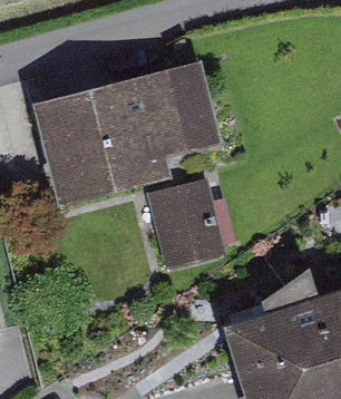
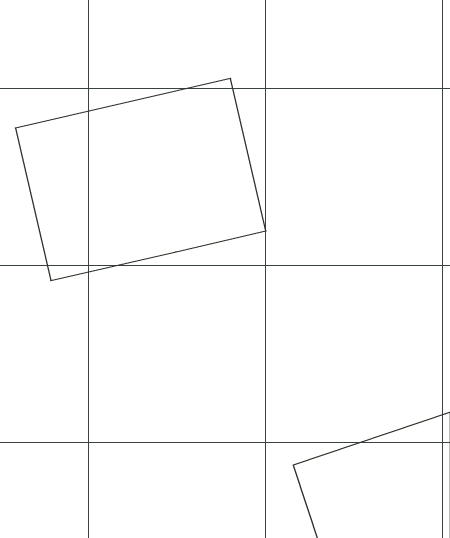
building: [147,172,228,266] -> none

